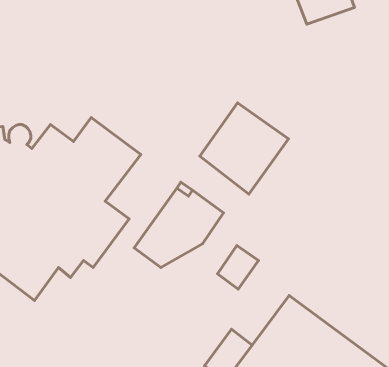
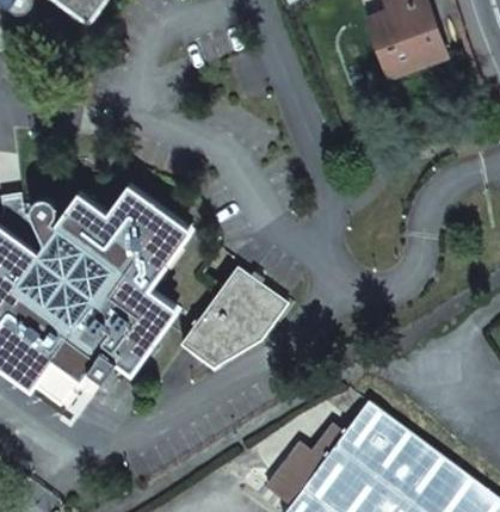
building: [200,103,288,194] -> none
building: [217,246,259,289] -> none

